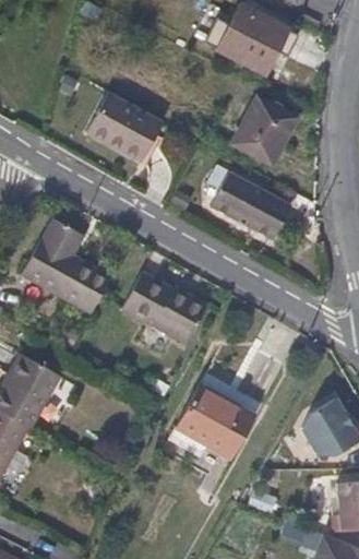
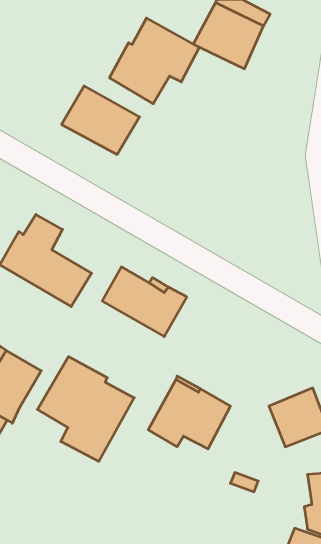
building: none -> [110,18,199,104]
building: [235,96,299,162] -> none
building: [204,168,285,237] -> none
building: none -> [37,357,134,461]

